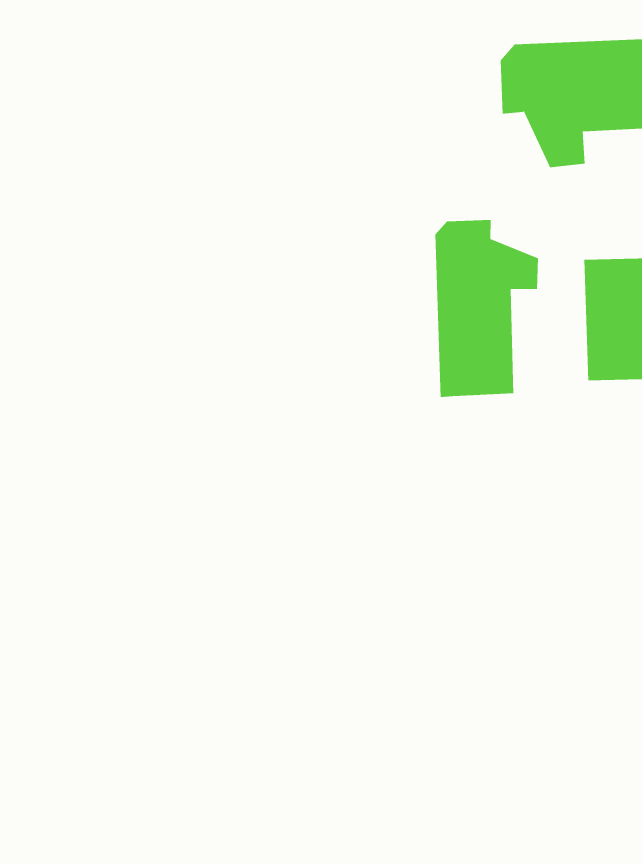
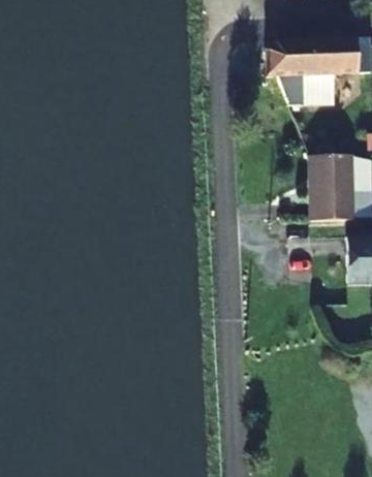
building: [435,219,538,398] -> none

